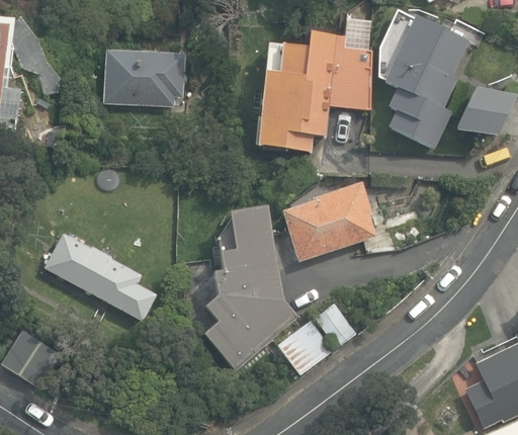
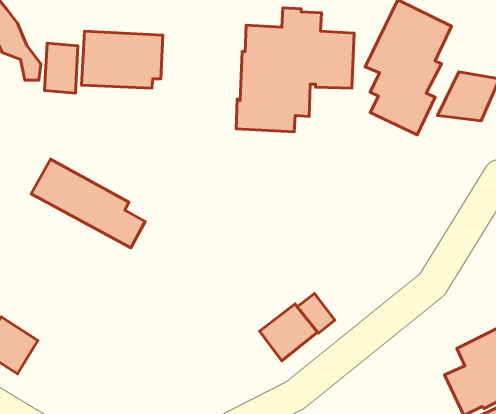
building: none -> [45,43,78,93]
building: [279,178,375,257] -> none
building: [203,205,297,371] -> none
building: [45,234,158,322] -> [31,159,145,248]

